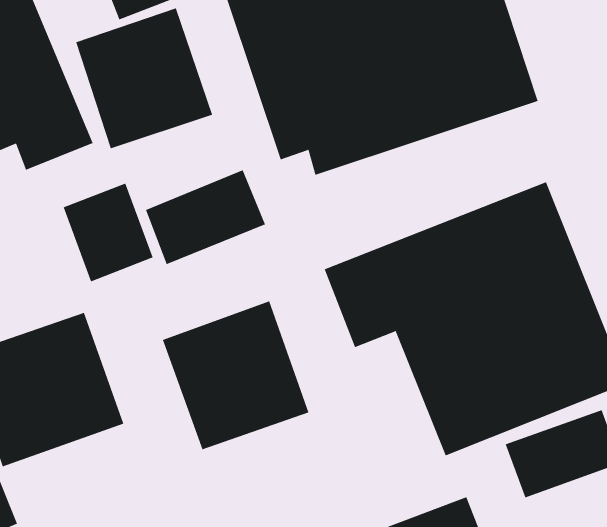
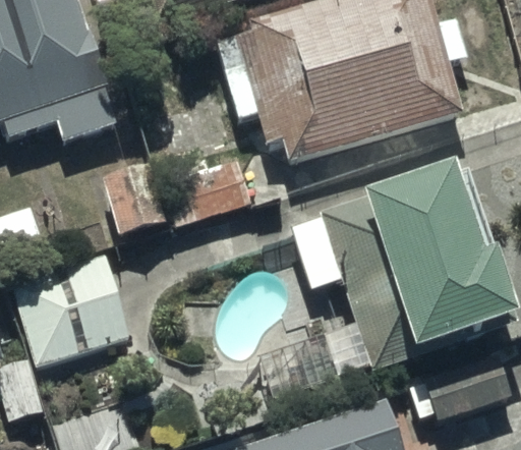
building: [75,8,213,149] -> none
building: [162,300,309,450] -> none

